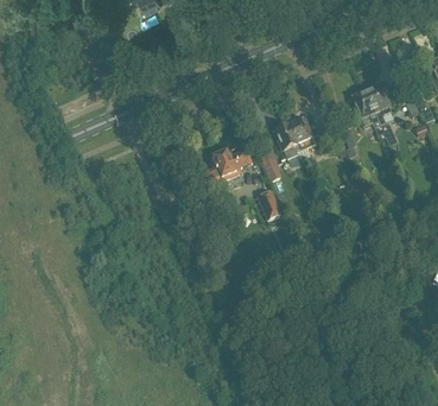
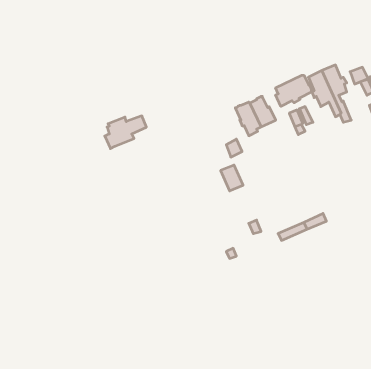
building: none -> [276,75,312,106]
building: [207,147,250,182] -> [105,116,146,149]

